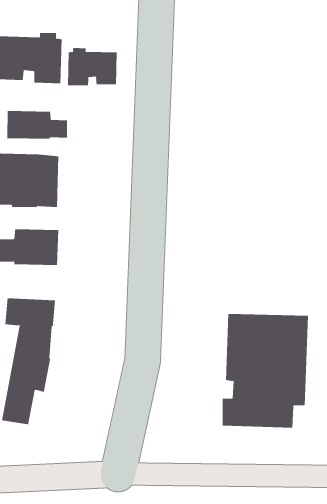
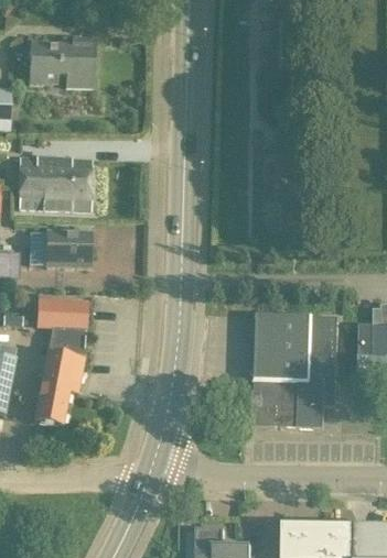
building: [67,47,117,86] -> none
building: [7,110,68,140] -> none

